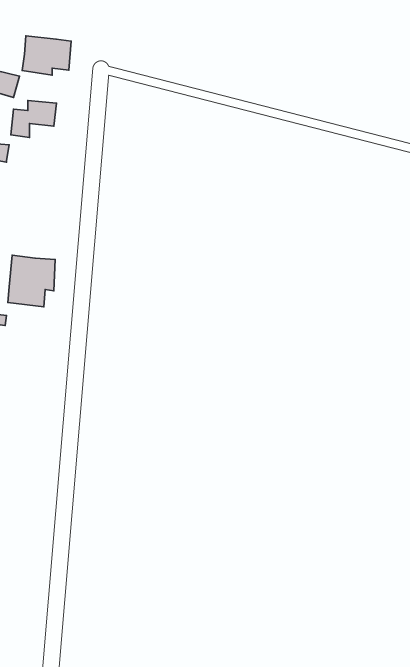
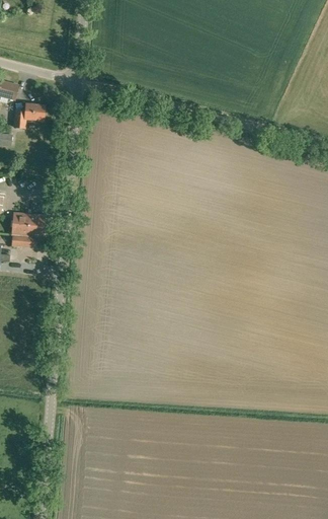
building: [22,36,71,75] -> none

